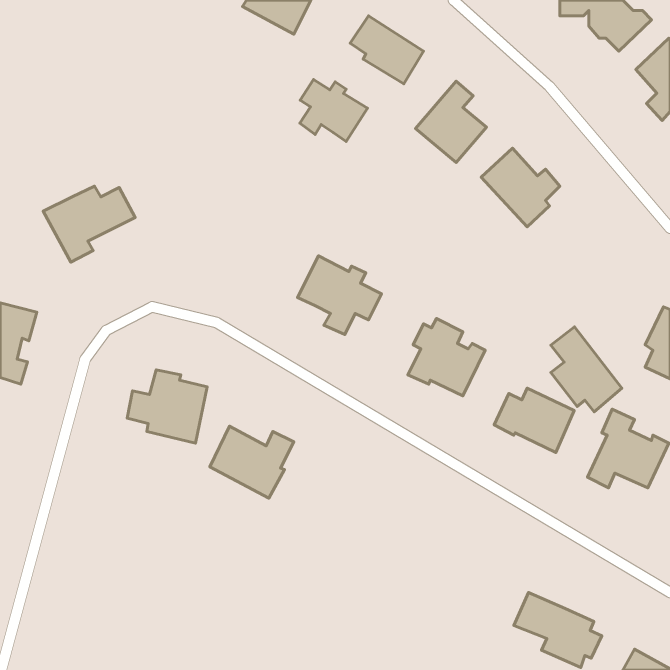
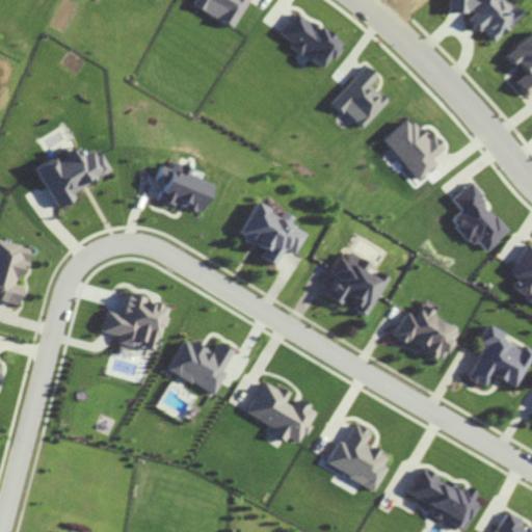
building: [300,79,367,141] -> none
building: none -> [153,161,210,215]
building: [551,327,622,412] -> [451,183,507,250]
building: none -> [246,380,318,444]
building: none -> [326,424,387,489]

